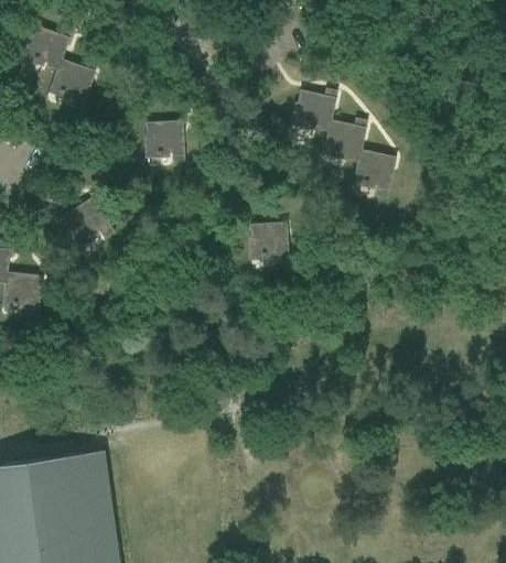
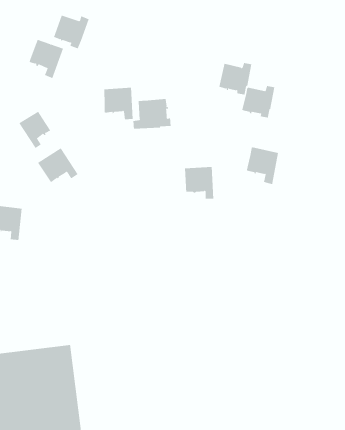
building: [21,26,71,71] -> [51,15,89,49]
building: none -> [133,98,175,129]
building: [351,150,395,198] -> [244,147,279,185]
building: none -> [19,111,55,149]

